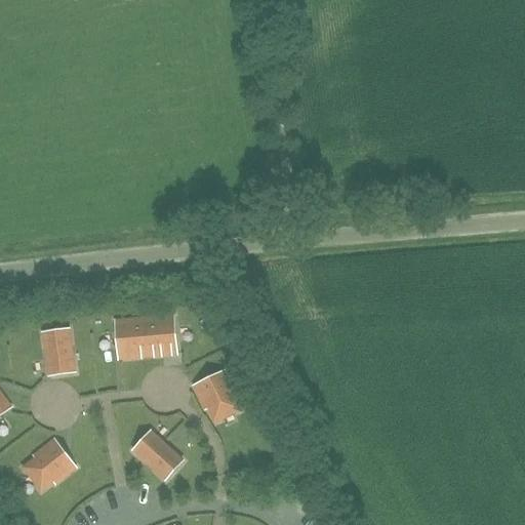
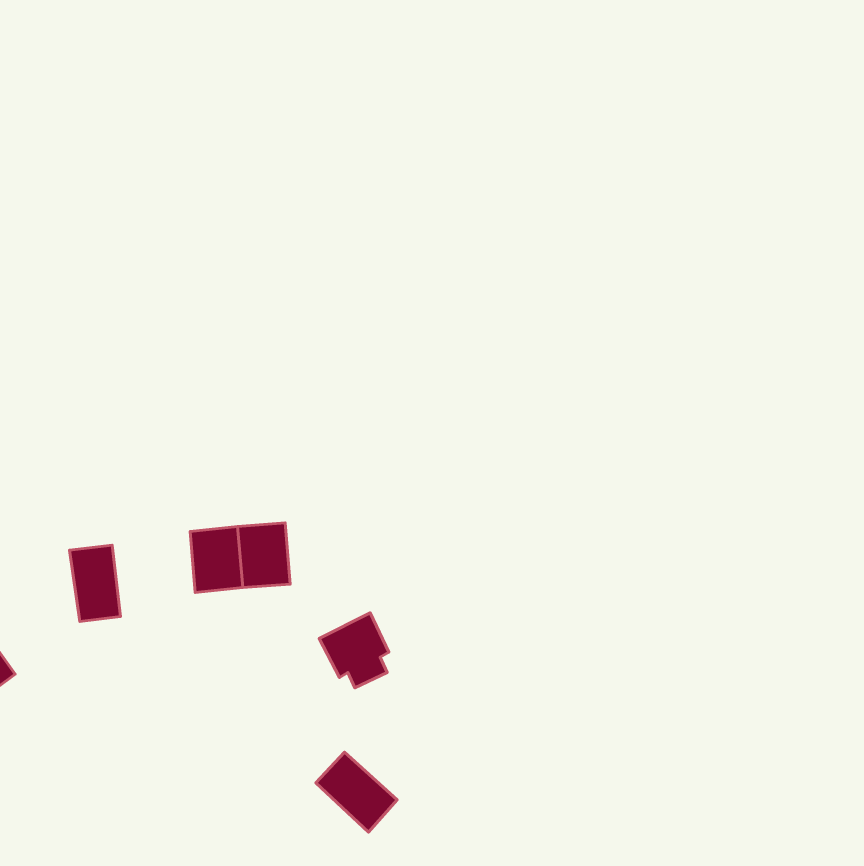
building: [132,432,181,480] -> [316,752,397,832]
building: [29,440,74,484] -> none

